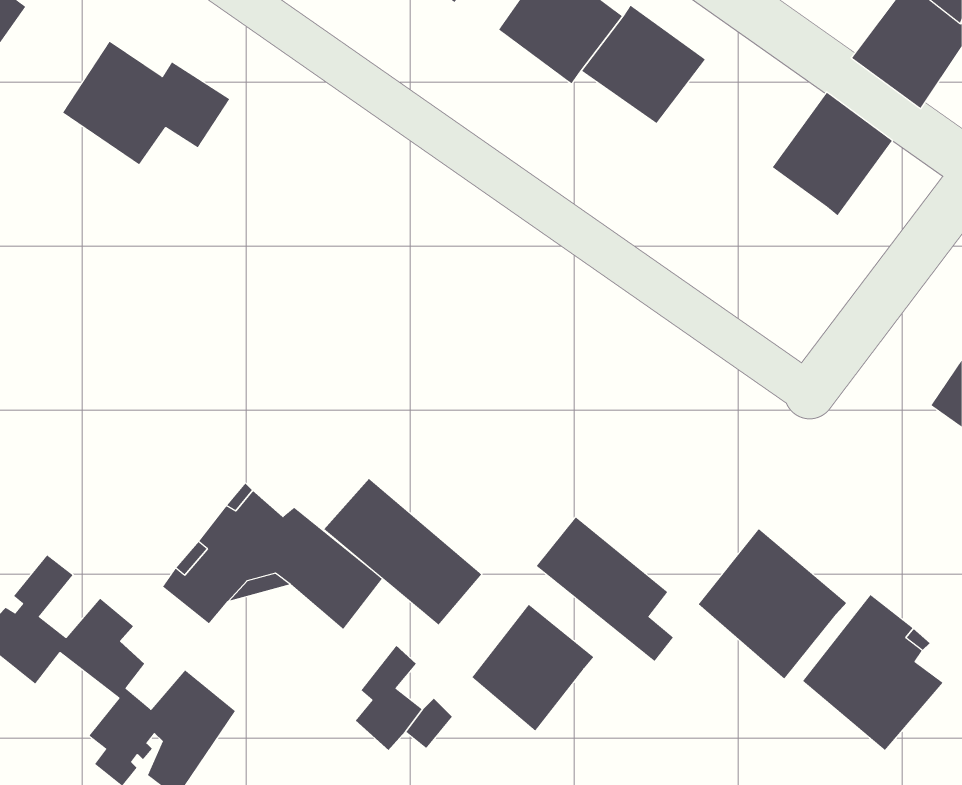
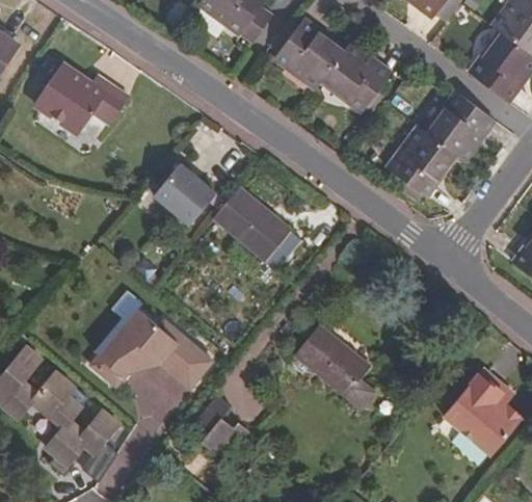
building: none -> [387,127,456,201]
building: none -> [154,163,216,224]
building: [324,478,482,625] -> [213,188,300,269]
building: [698,528,847,680] -> none
building: [471,604,594,731] -> none

